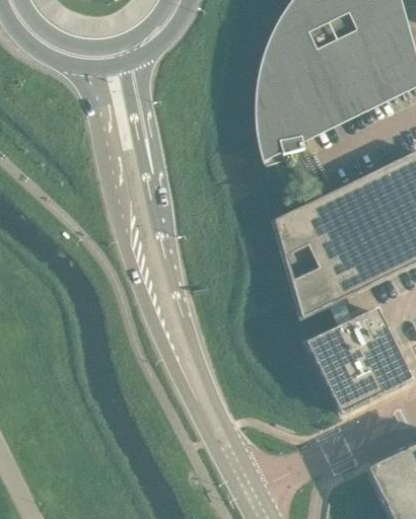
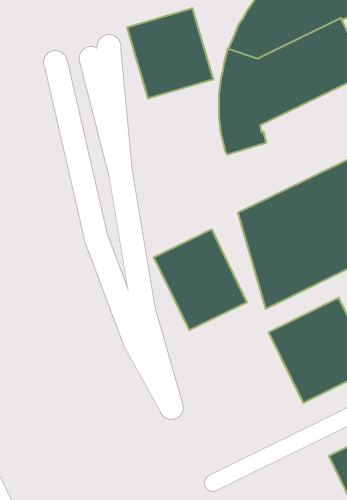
building: none -> [127,8,213,99]
building: none -> [154,229,247,330]

